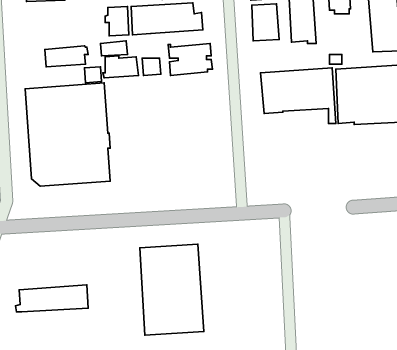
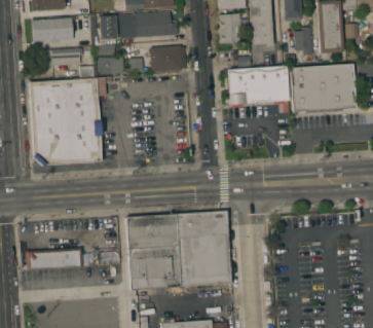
building: none -> [33,17,74,42]
building: none -> [294,27,313,54]
building: none -> [175,210,230,286]

